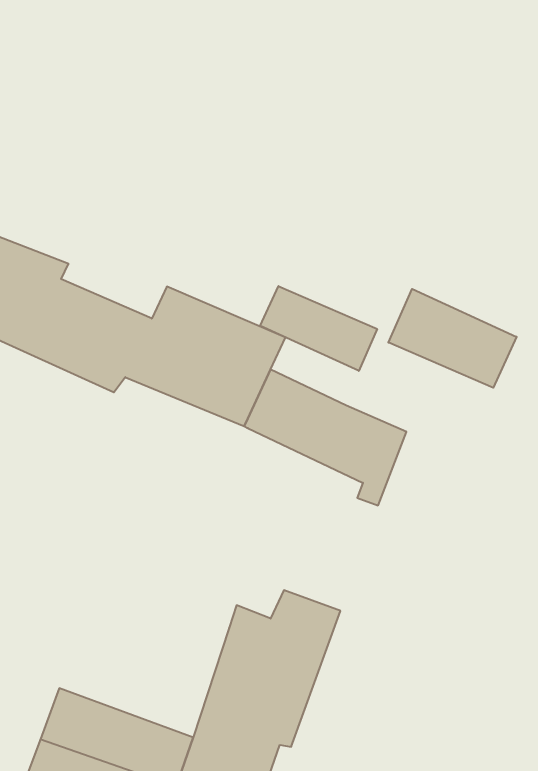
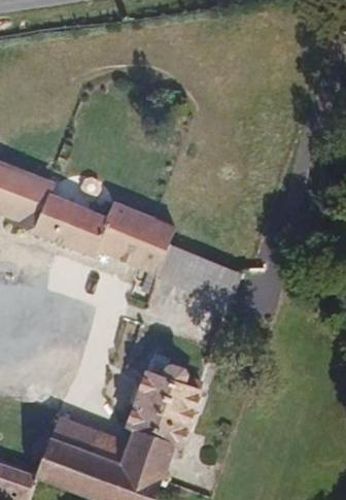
building: [260,286,377,371] -> none
building: [388,289,517,388] -> none

